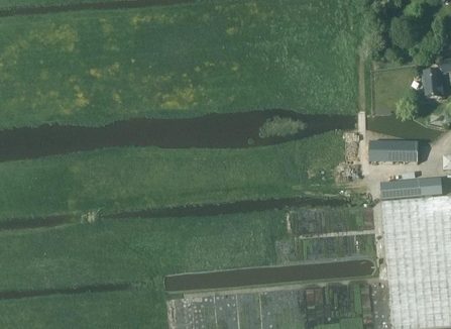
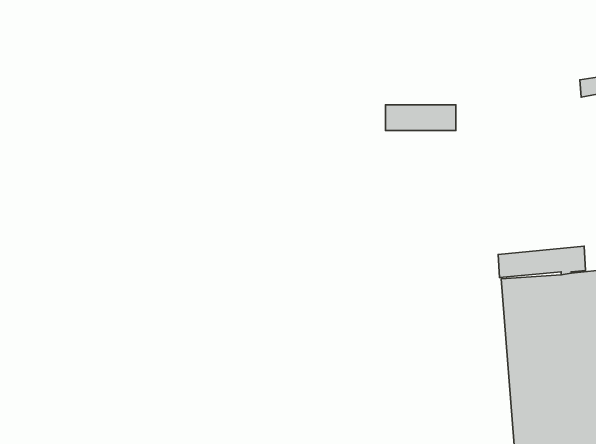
building: [423,75,443,97] -> none
building: [369,141,419,159] -> [386,105,456,131]

